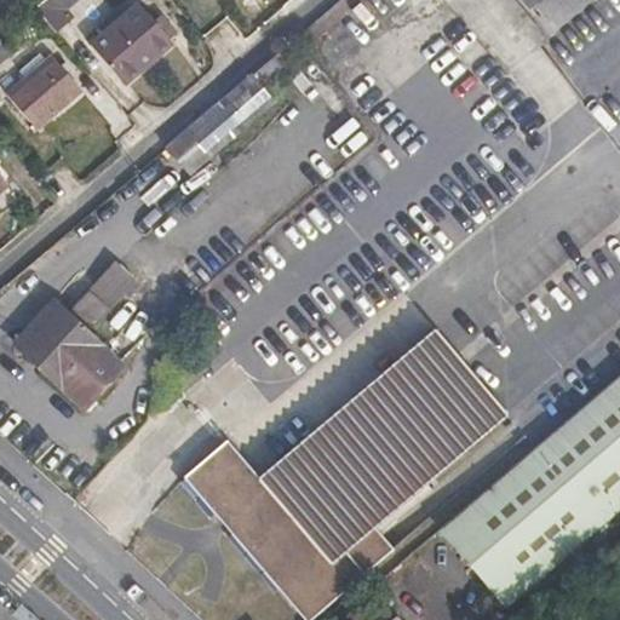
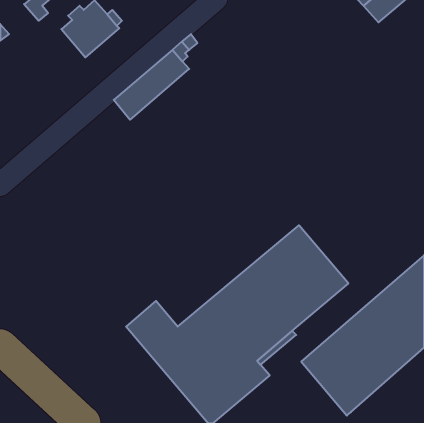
building: [6,52,84,130] -> none
building: [15,259,137,407] -> none

